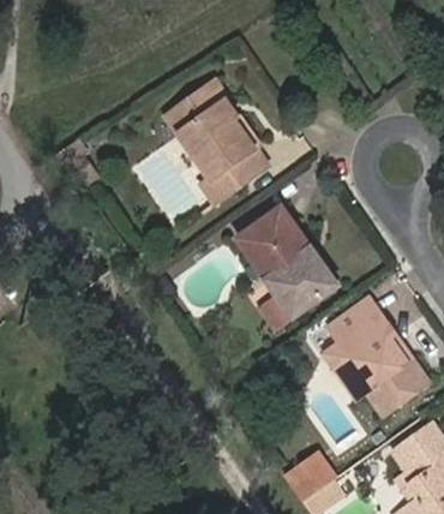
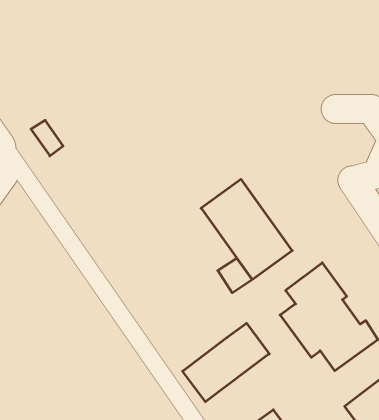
building: [164,79,270,202] -> none
building: none -> [183,323,269,402]

